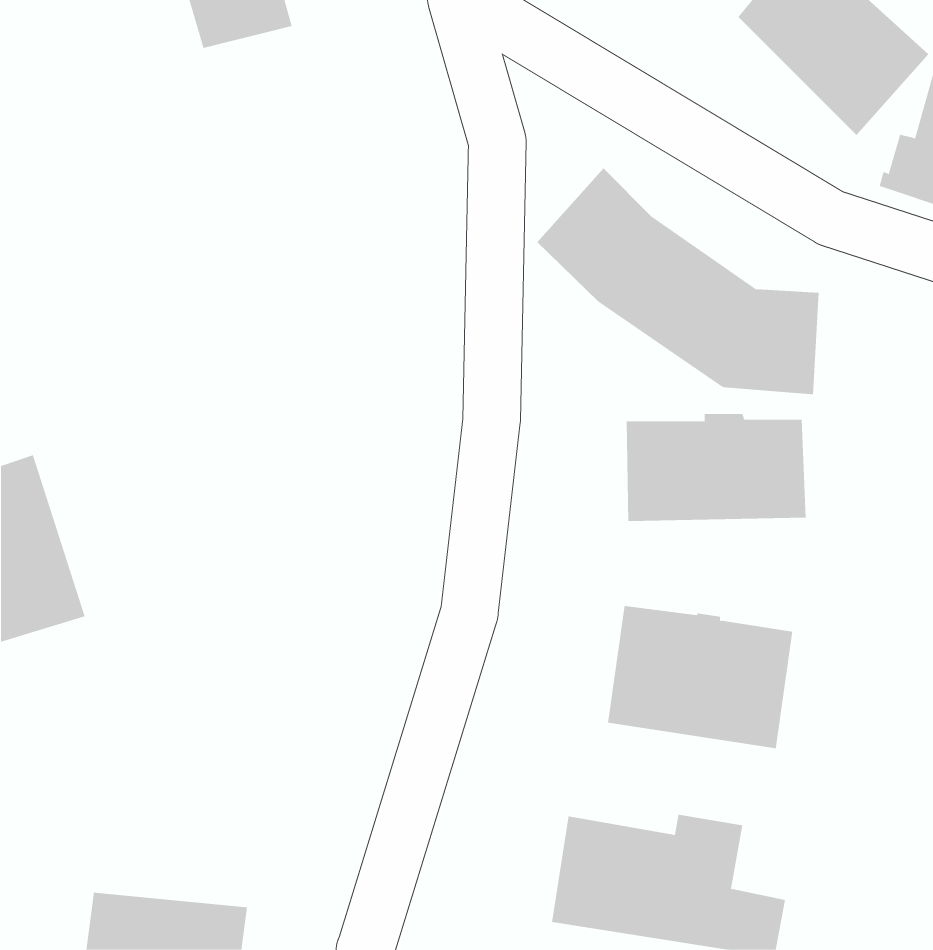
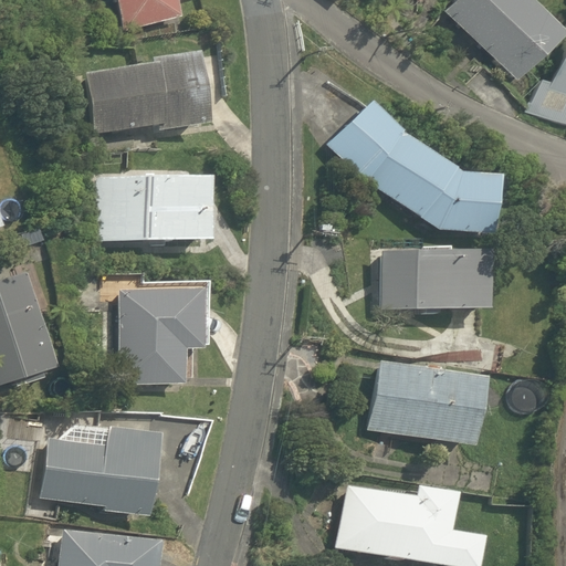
building: none -> [90,50,206,134]
building: none -> [99,175,210,241]
building: none -> [123,286,200,384]
building: none -> [45,426,158,515]

